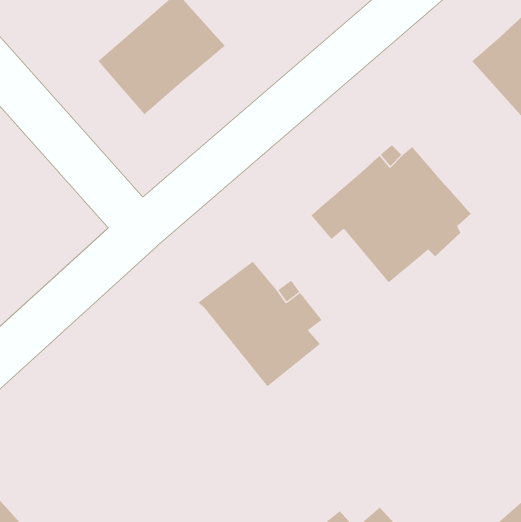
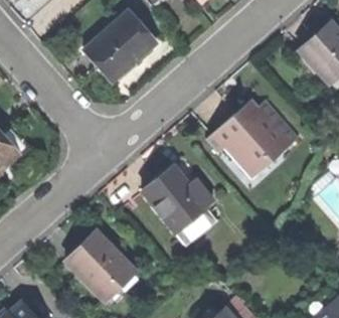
building: none -> [64,230,134,300]

